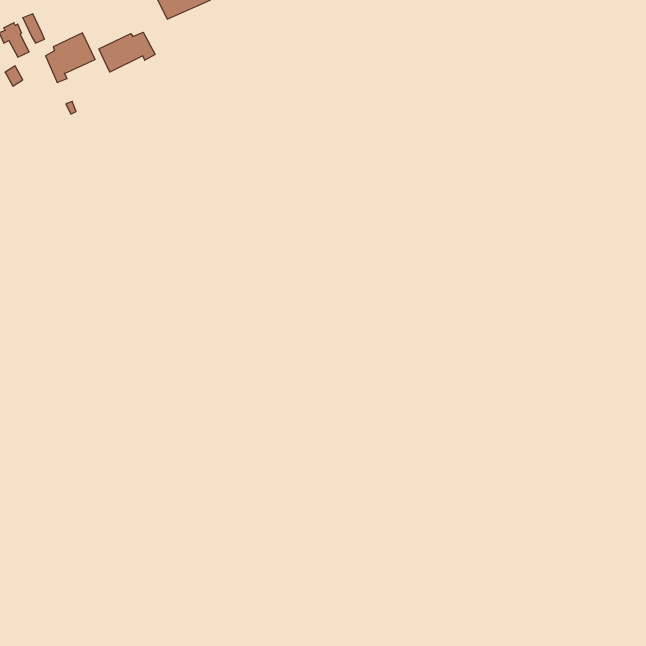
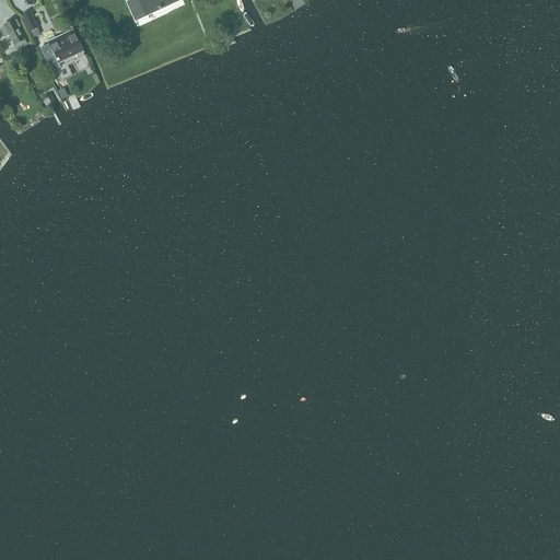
building: [99,32,155,72] -> none

